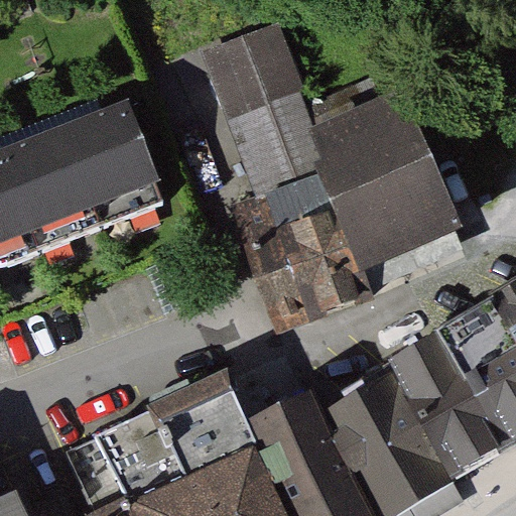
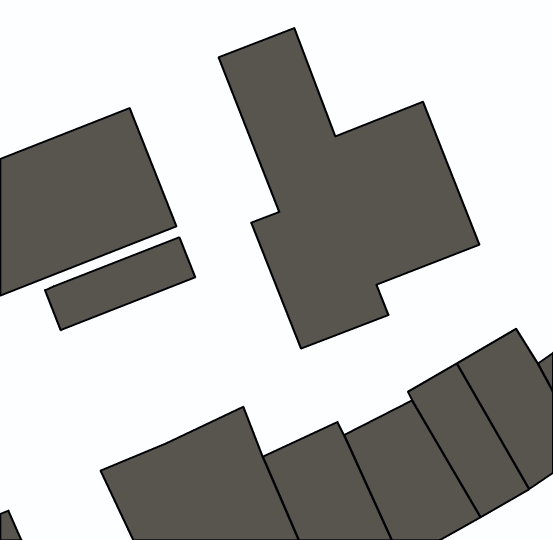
building: none -> [45,237,195,330]

